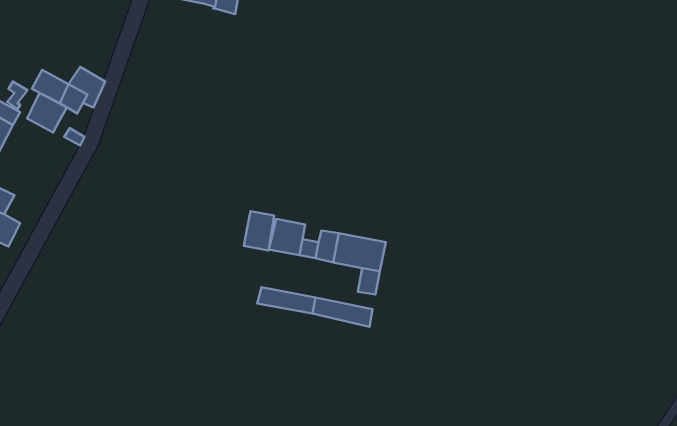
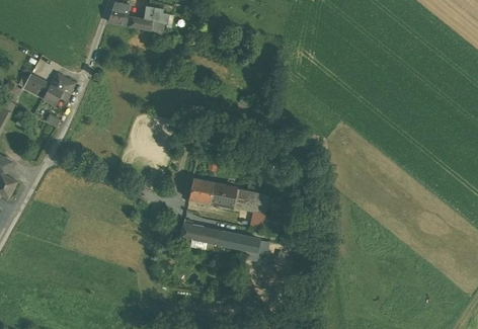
building: [27,93,67,132] -> none
building: [244,211,274,251] -> none

